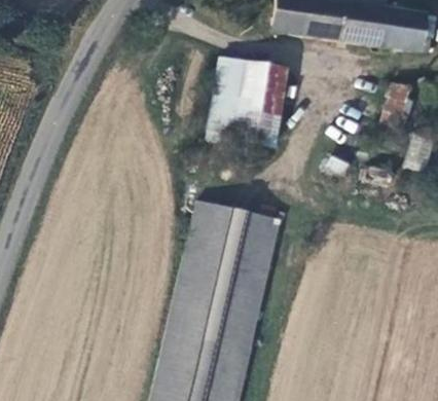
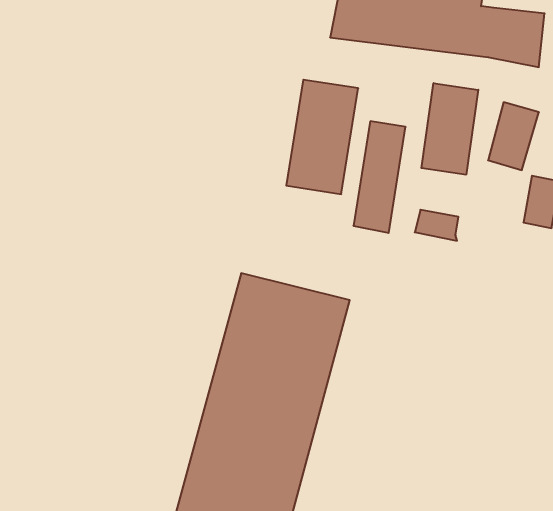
building: [209,57,247,138] -> [353,121,406,233]
building: none -> [421,83,478,175]

